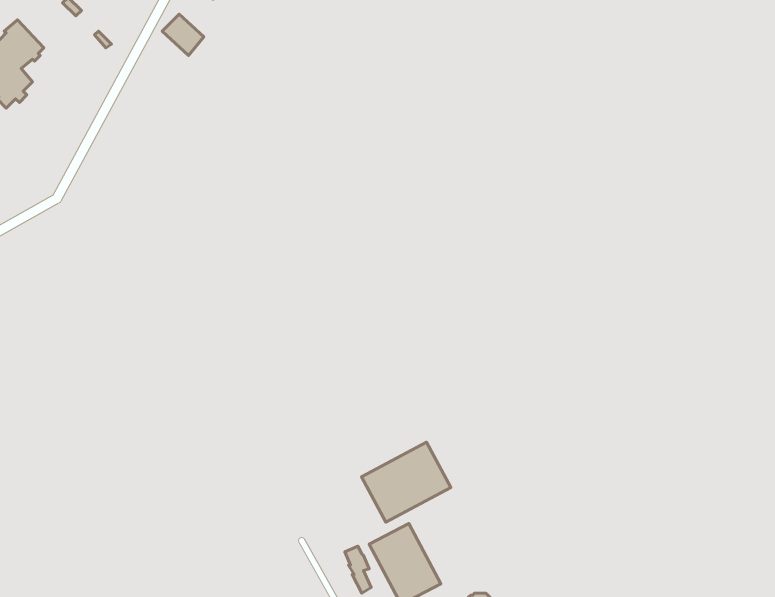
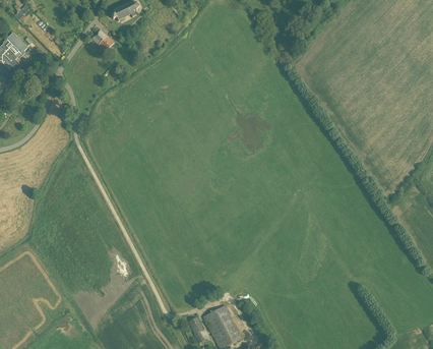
building: [361,442,451,522] -> none

